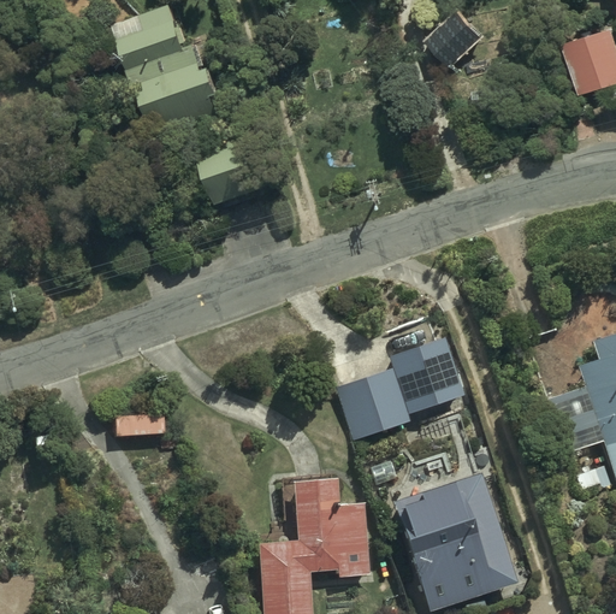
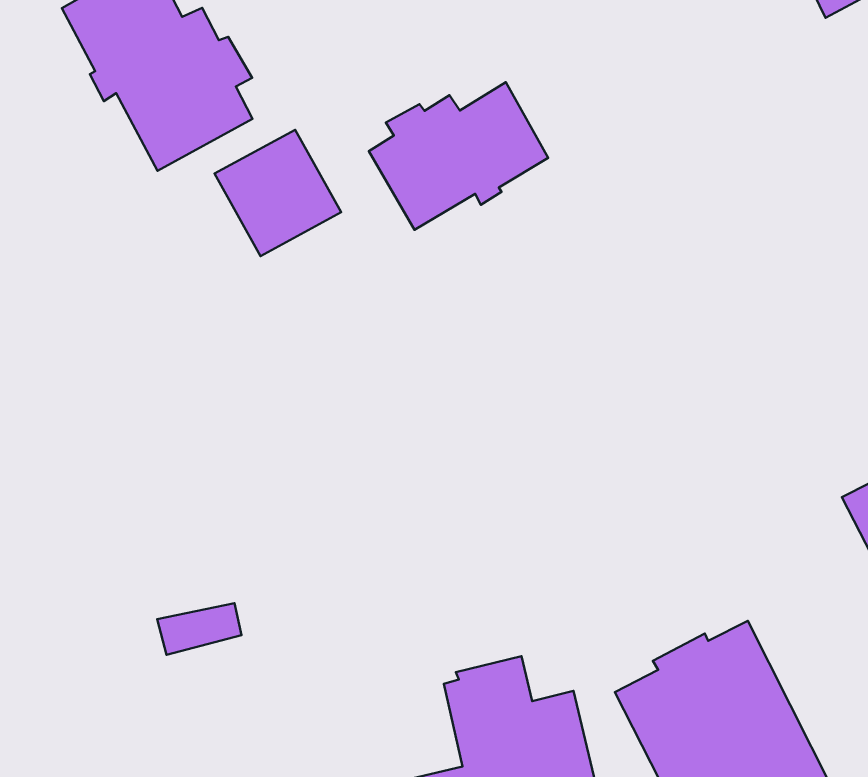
building: none -> [369,82,548,230]
building: [336,336,466,441] -> none

